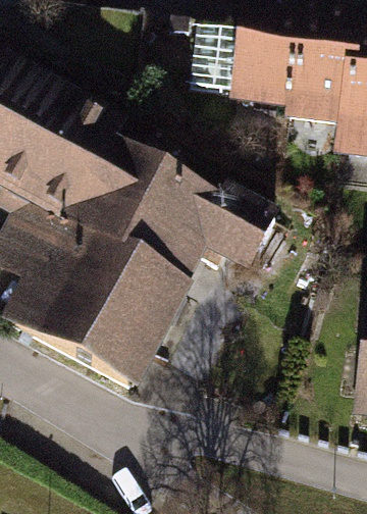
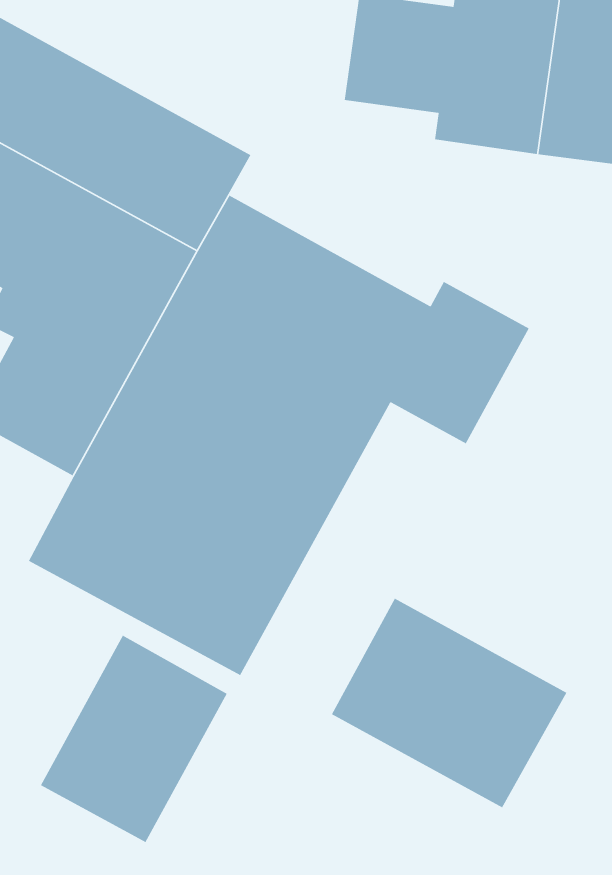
building: none -> [331,598,567,808]
building: none -> [40,634,228,843]

